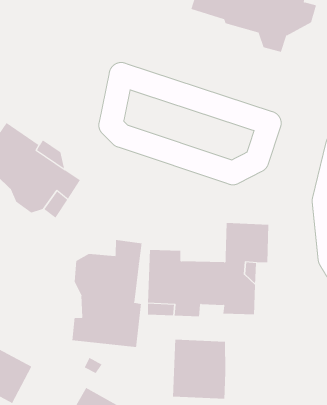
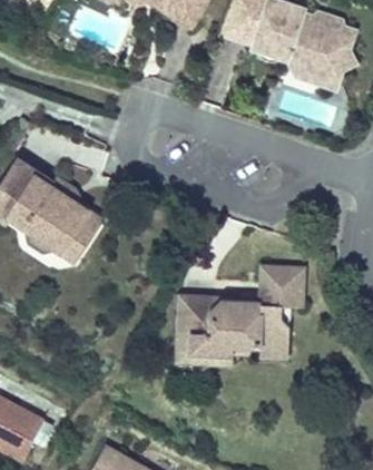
building: [72,239,142,348] -> none
building: [173,339,226,399] -> none

